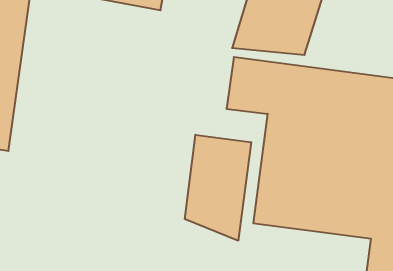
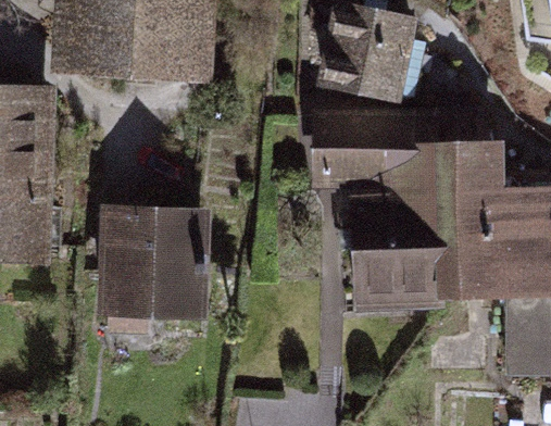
building: none -> [113,199,209,299]
building: [185,135,251,241] -> none

